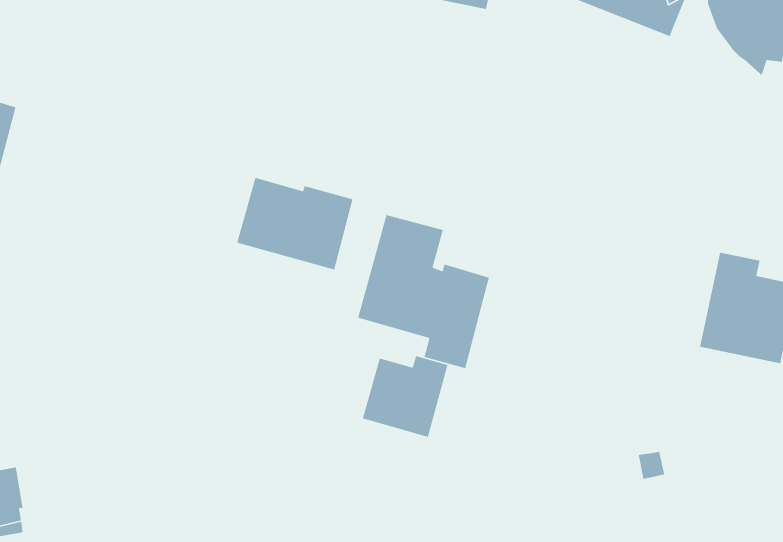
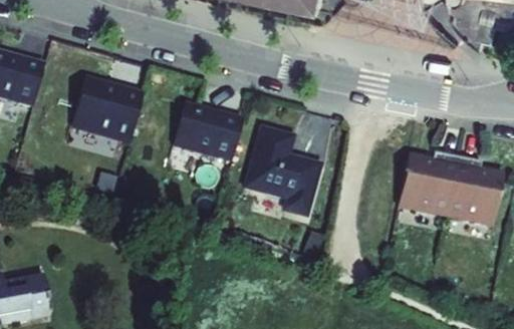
building: none -> [69,82,140,142]
building: none -> [397,148,456,210]
building: [362,355,449,438] -> none

